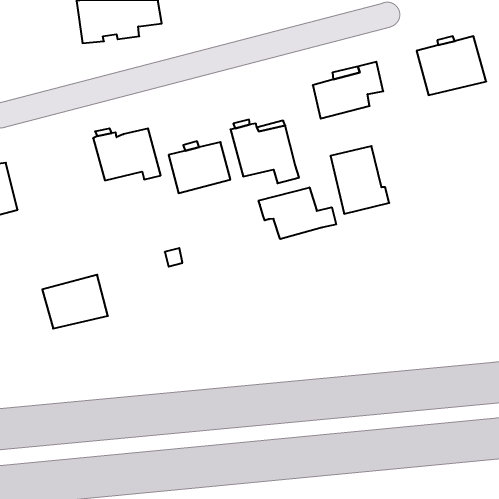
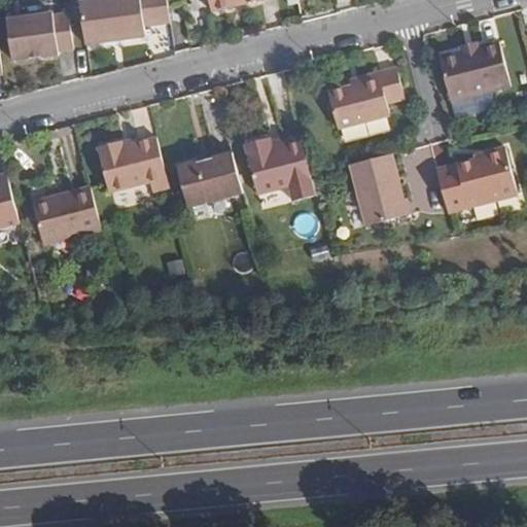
building: none -> [7,13,73,64]
building: none -> [436,149,516,211]
building: [259,187,336,239] -> none
building: [42,275,108,329] -> [31,186,100,243]

